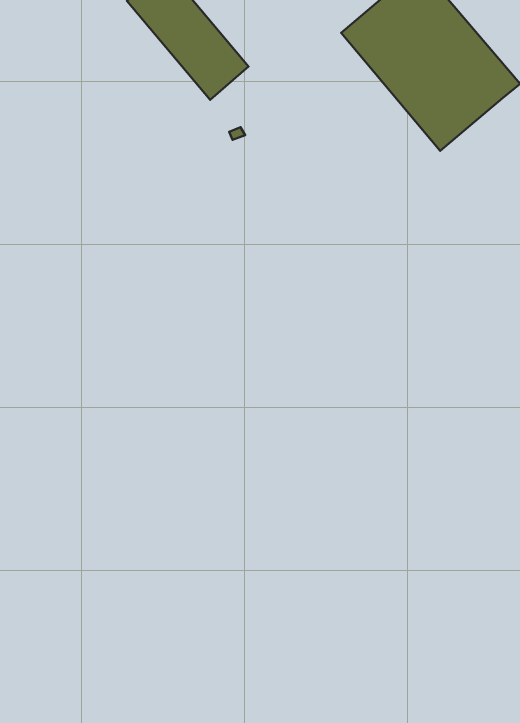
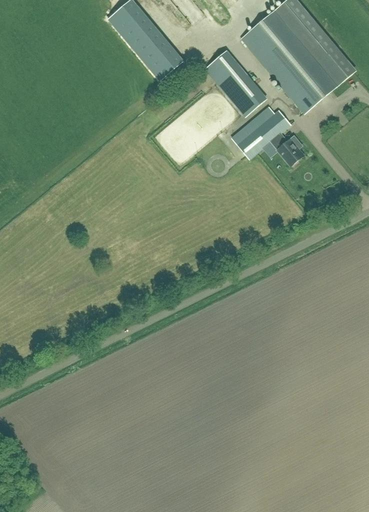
building: none -> [205,50,266,116]
building: none -> [238,110,304,165]

